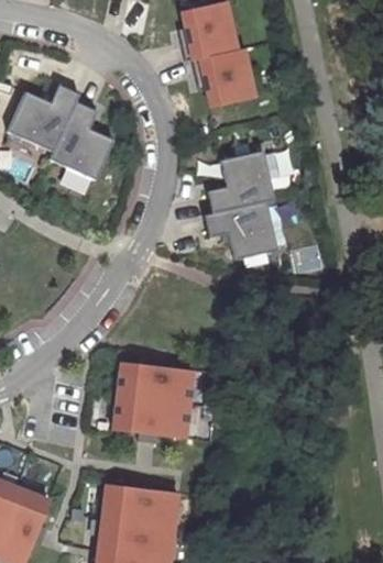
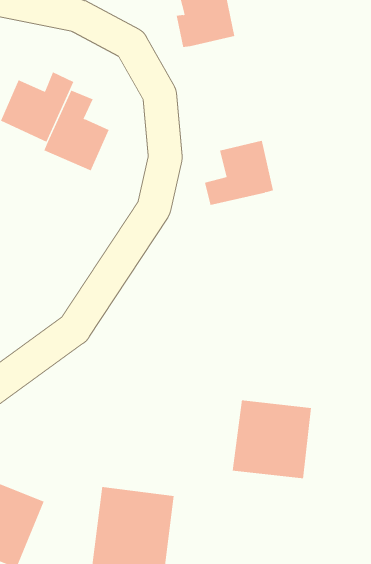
building: [193,49,253,108] -> none
building: [204,201,276,261] -> none
building: [113,362,190,438] -> [232,400,312,479]

